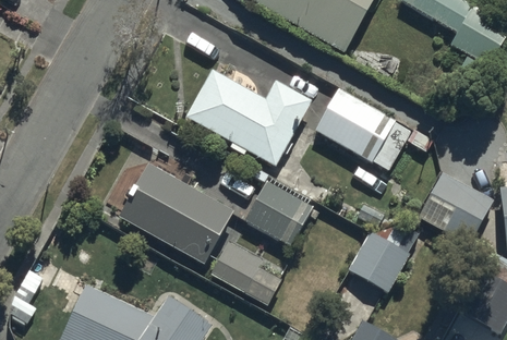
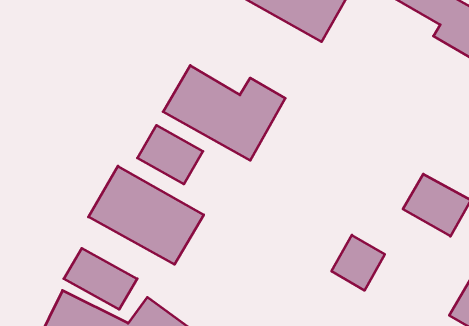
building: [318,92,403,167] -> none
building: [246,181,310,238] -> [137,125,203,184]
building: [209,245,280,304] -> [64,248,137,309]

